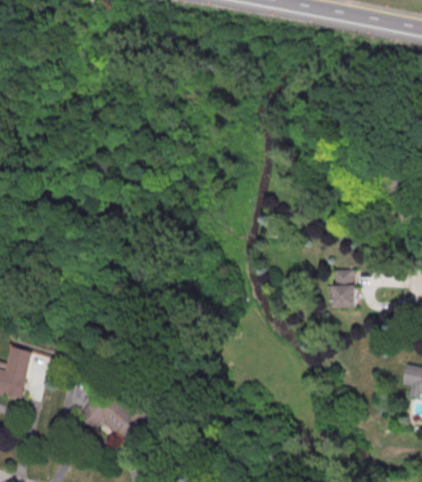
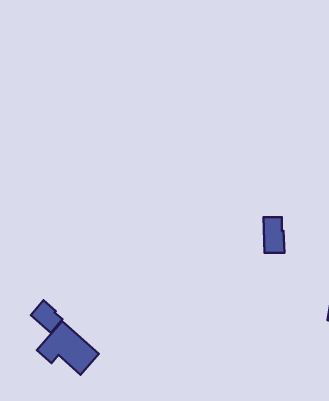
building: none -> [31,300,62,333]

